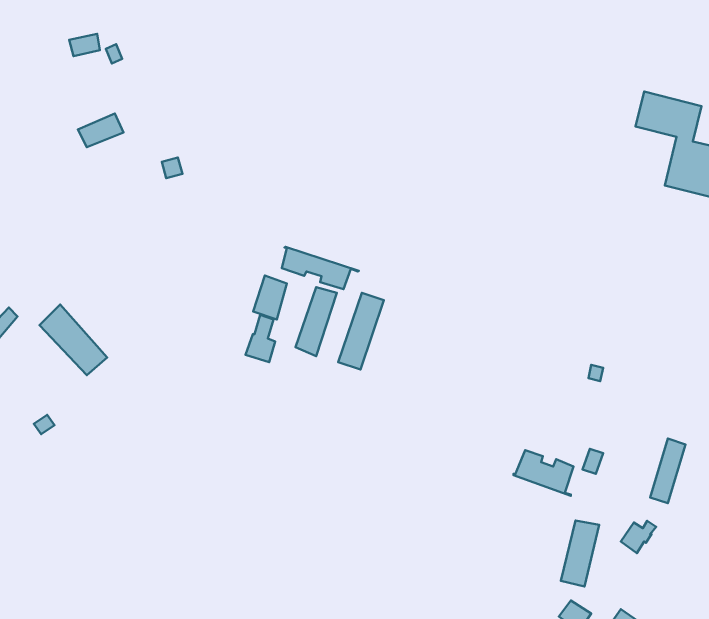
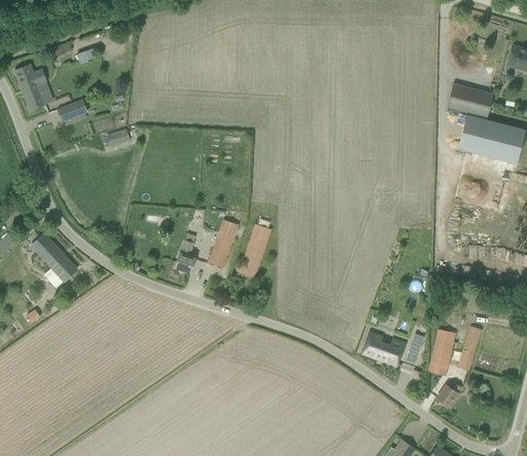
building: none -> [14,65,46,111]
building: [282,247,359,289] -> none
building: [253,276,287,320] -> none
building: [561,520,599,587] -> [428,329,455,376]

